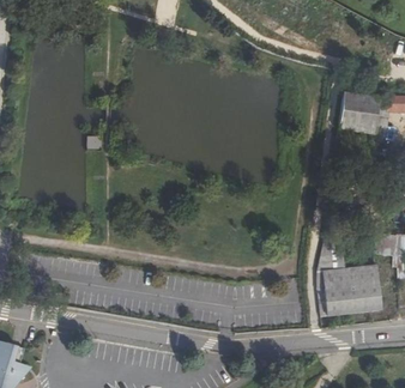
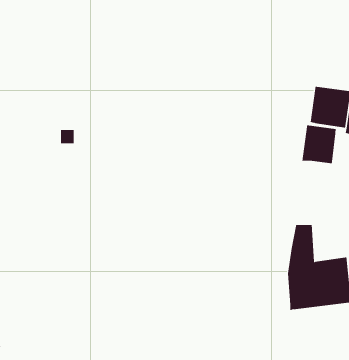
building: none -> [302,125,336,164]

